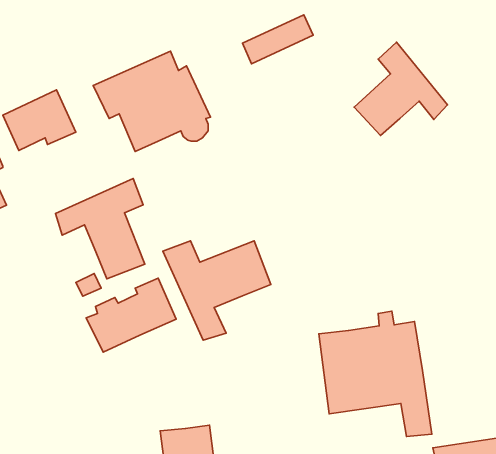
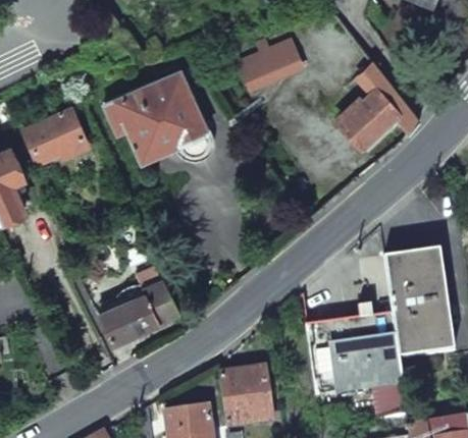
building: [56,178,145,279] -> none
building: [163,241,271,340] -> none
building: none -> [383,251,454,358]
building: none -> [219,368,272,426]

